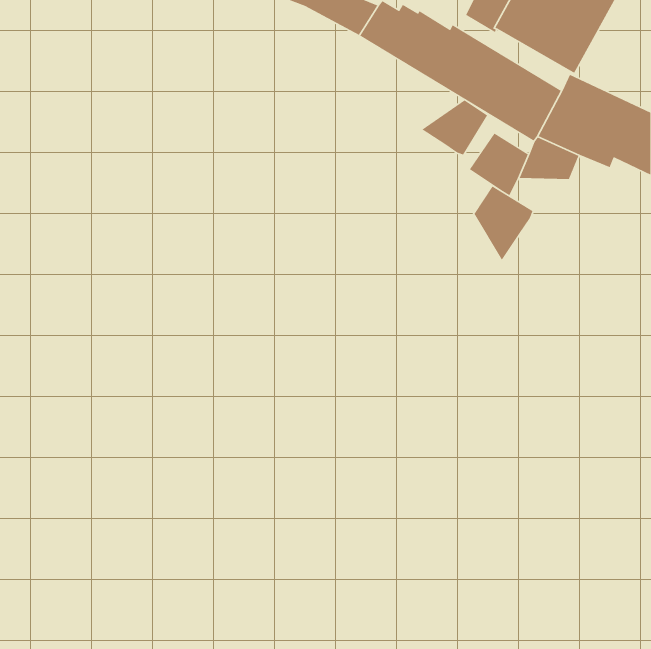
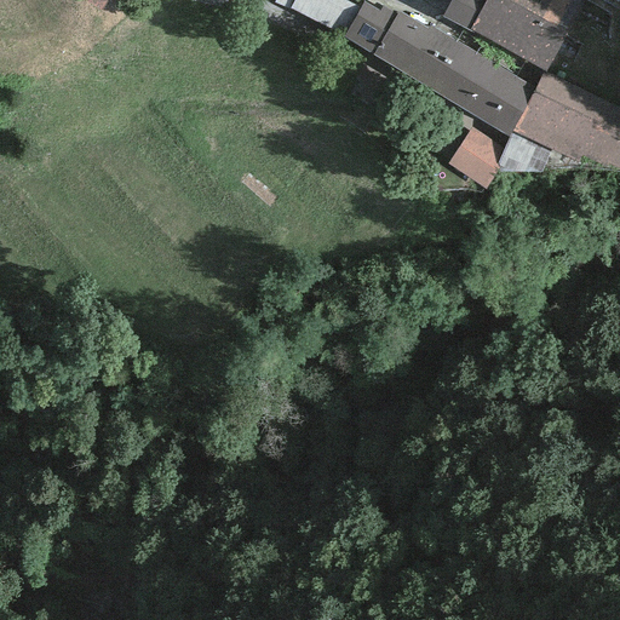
building: [421,100,488,156] -> none
building: [473,186,533,261] -> none

